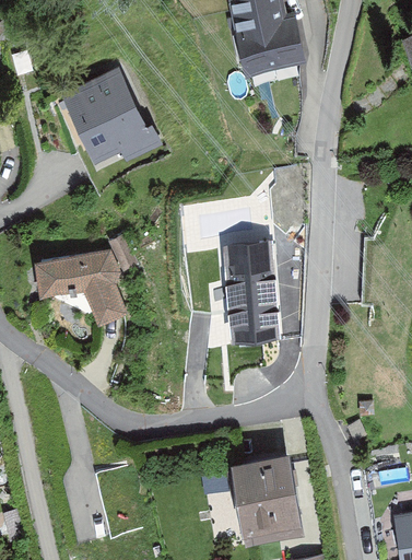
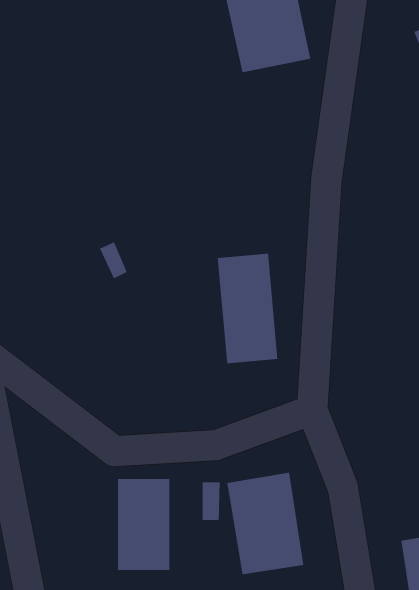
building: [61,67,158,164] -> none
building: [35,250,128,326] -> none
building: none -> [117,478,170,571]

